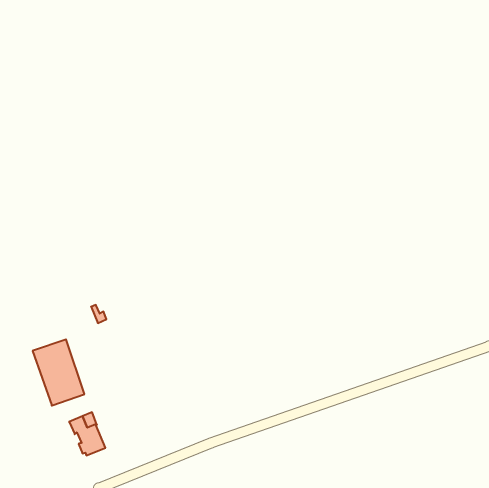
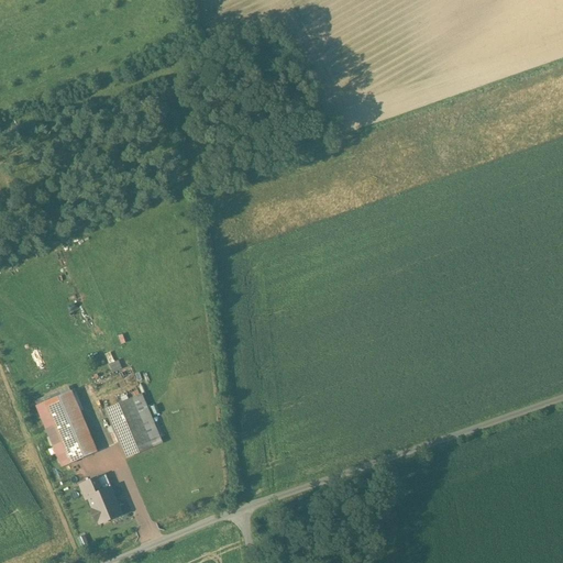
building: none -> [104,393,161,456]

